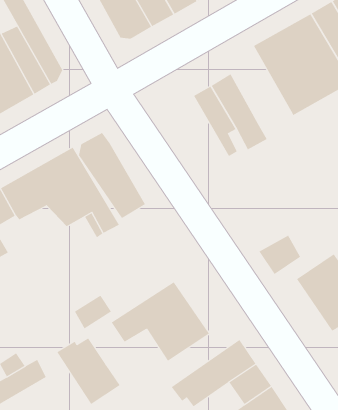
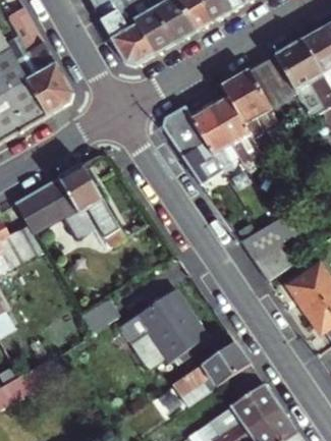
building: none -> [220,70,282,142]
building: [78,132,146,219] -> [162,106,224,185]
building: none -> [239,213,301,259]
building: [57,337,120,405] -> none

